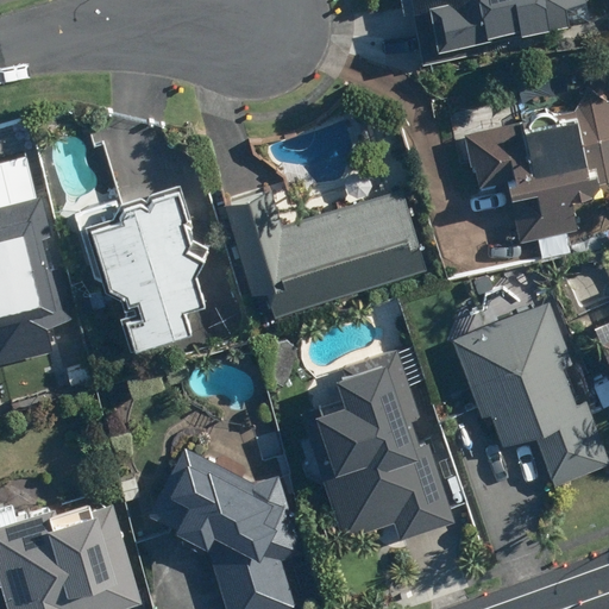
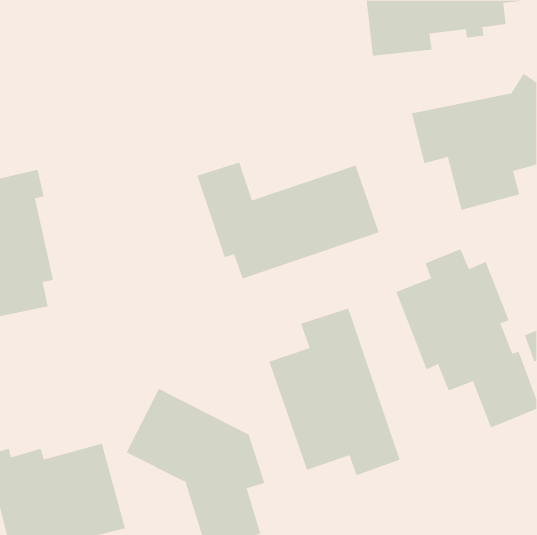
building: [89,188,209,346] -> none

